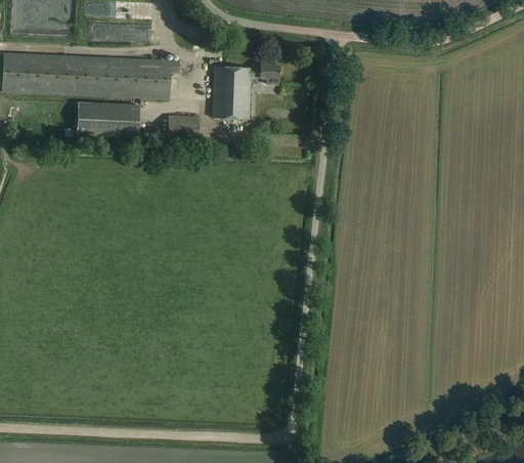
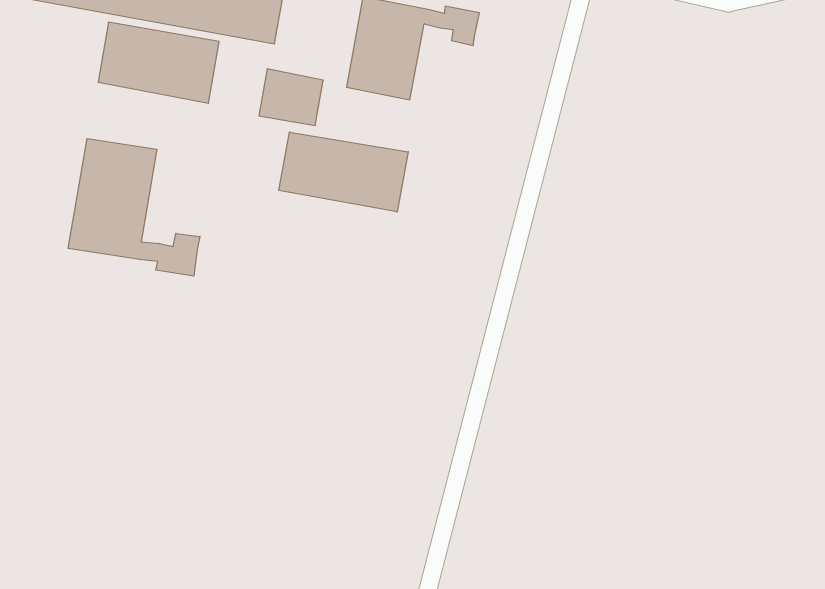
building: none -> [279,132,408,212]
building: none -> [68,139,200,276]

